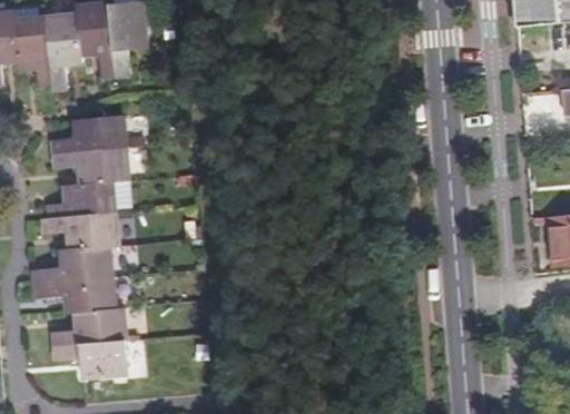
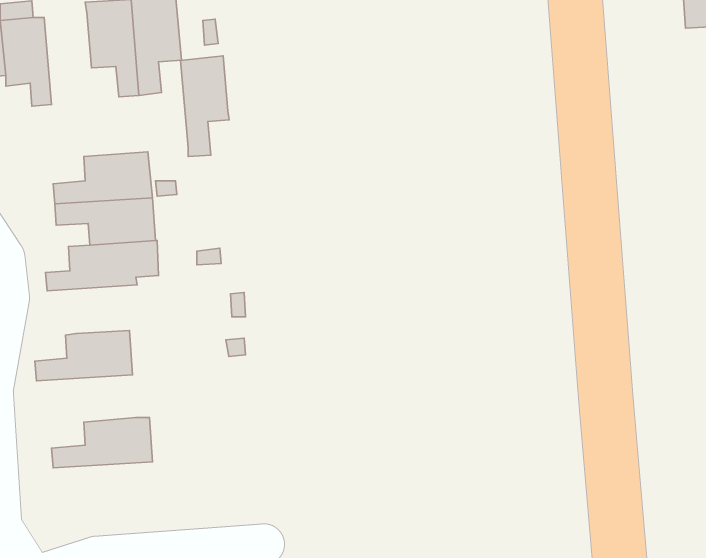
building: [47,14,82,88] -> [180,56,229,157]
building: [43,213,117,248] -> none
building: [41,278,114,313] -> none
building: [53,342,128,377] -> none

